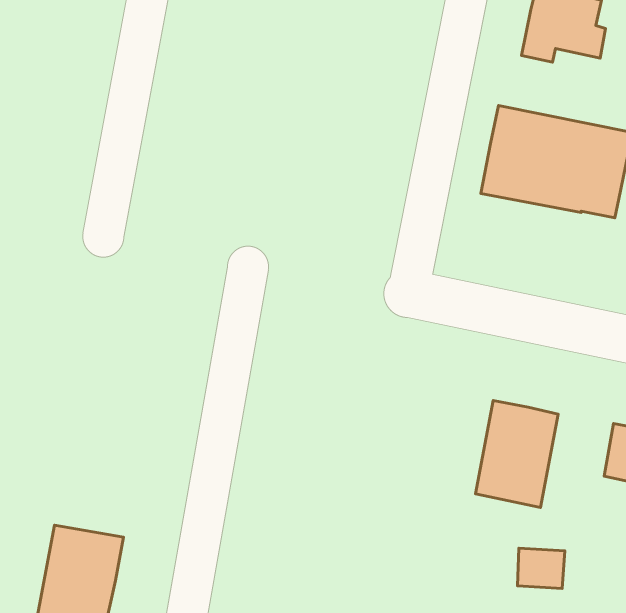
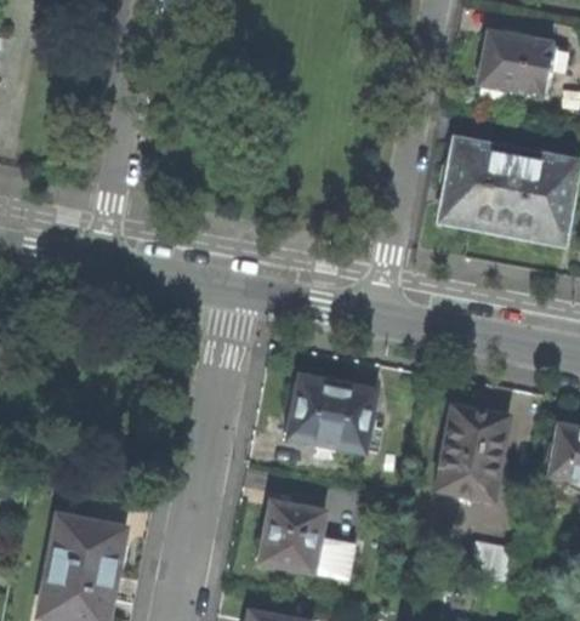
building: none -> [285,377,374,452]
building: none -> [258,492,337,574]

